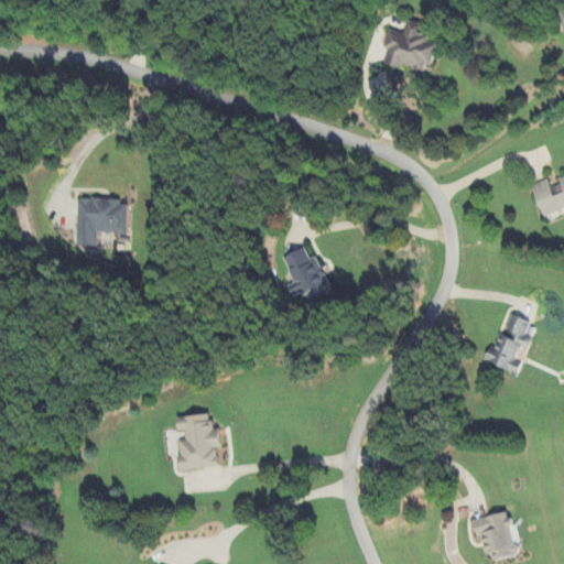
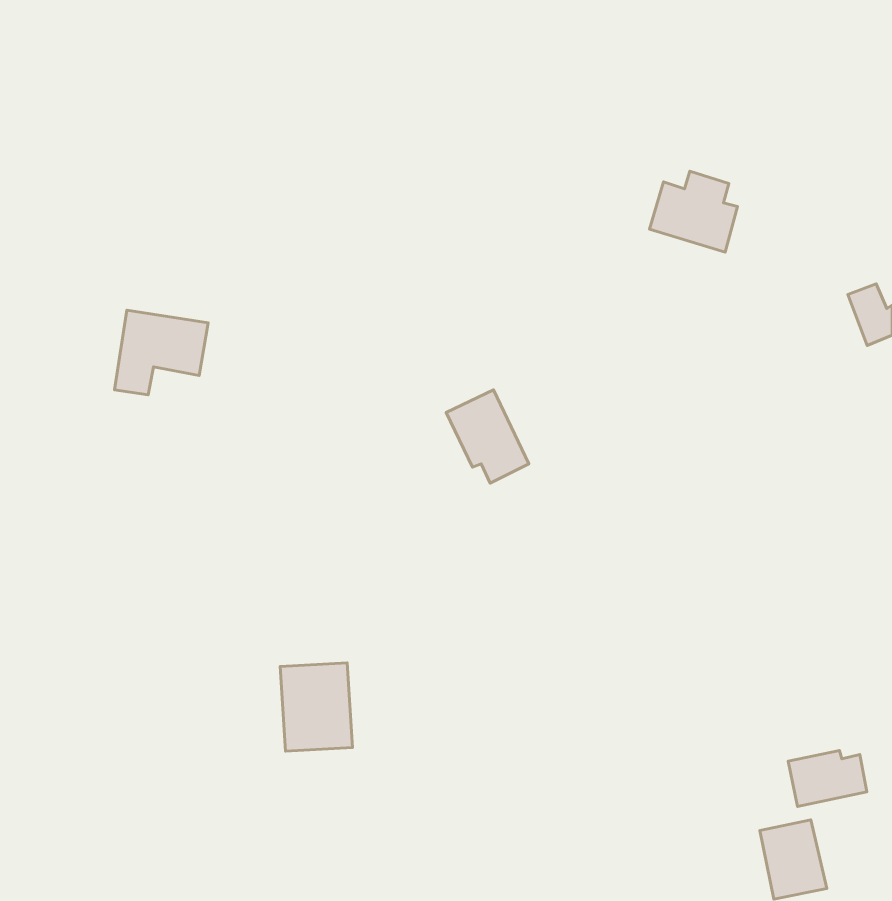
building: [386,21,441,72] -> [649,171,737,252]
building: [487,312,532,370] -> none
building: none -> [788,751,867,807]

